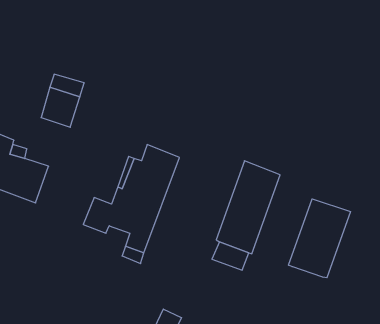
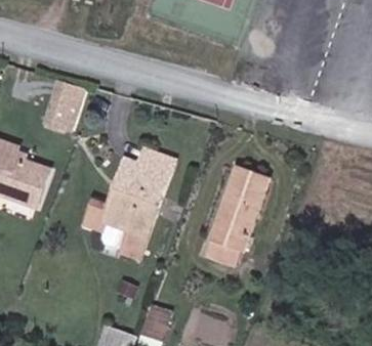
building: [289,199,351,278] -> none

